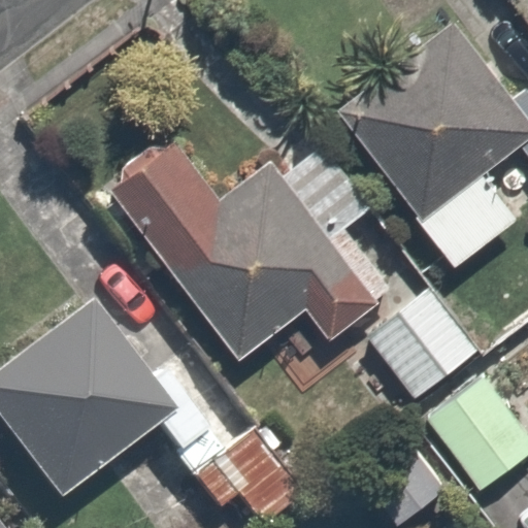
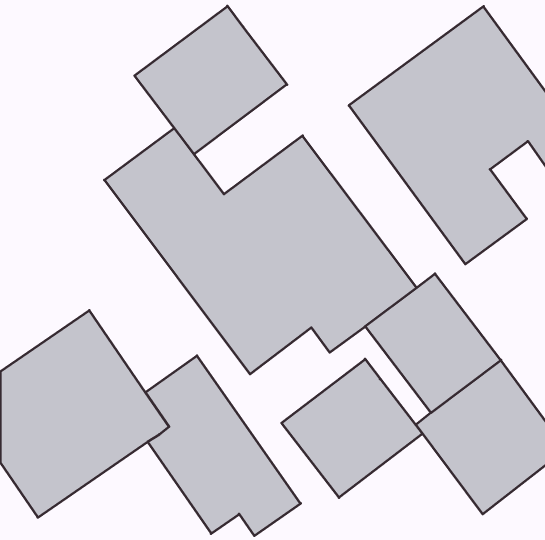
building: none -> [135,6,287,154]
building: none -> [282,359,423,498]

